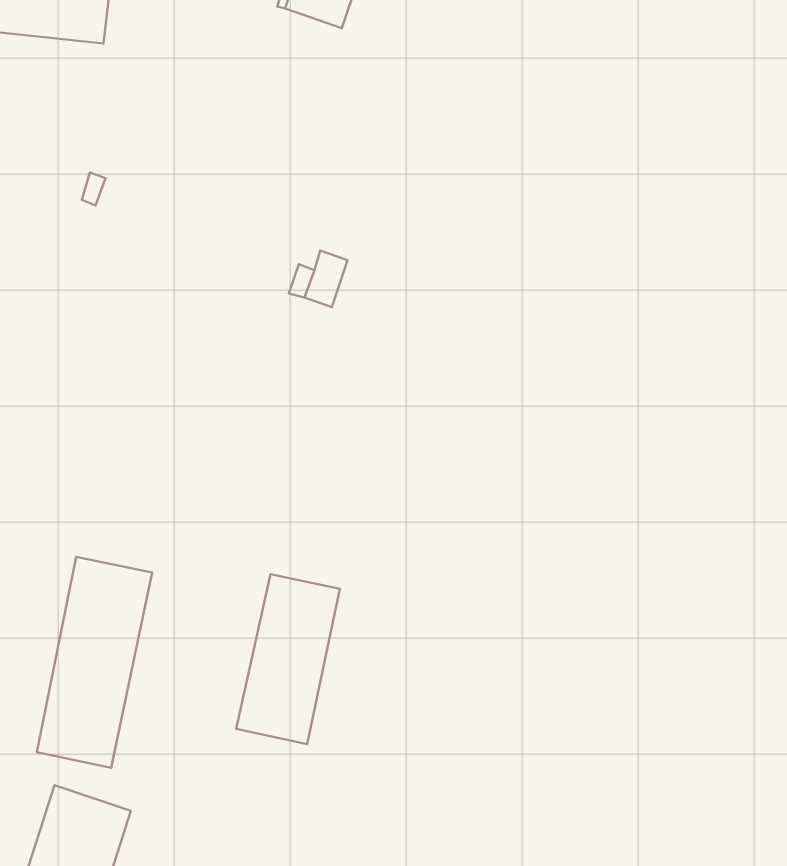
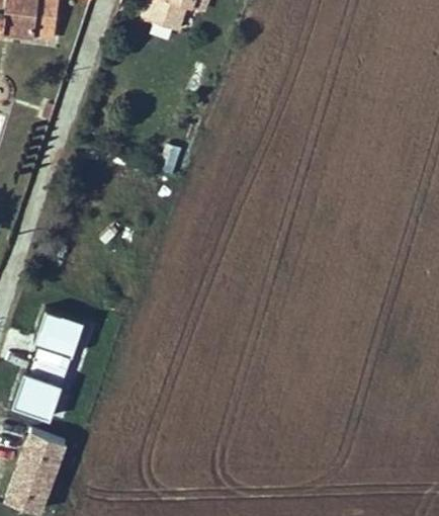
building: [236,574,340,744] -> none

